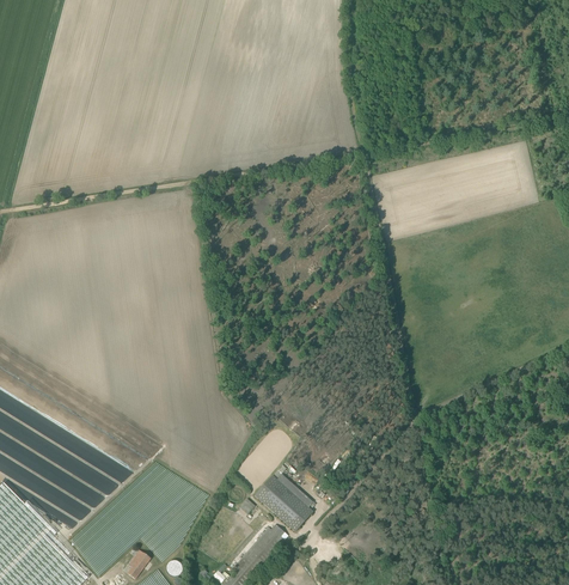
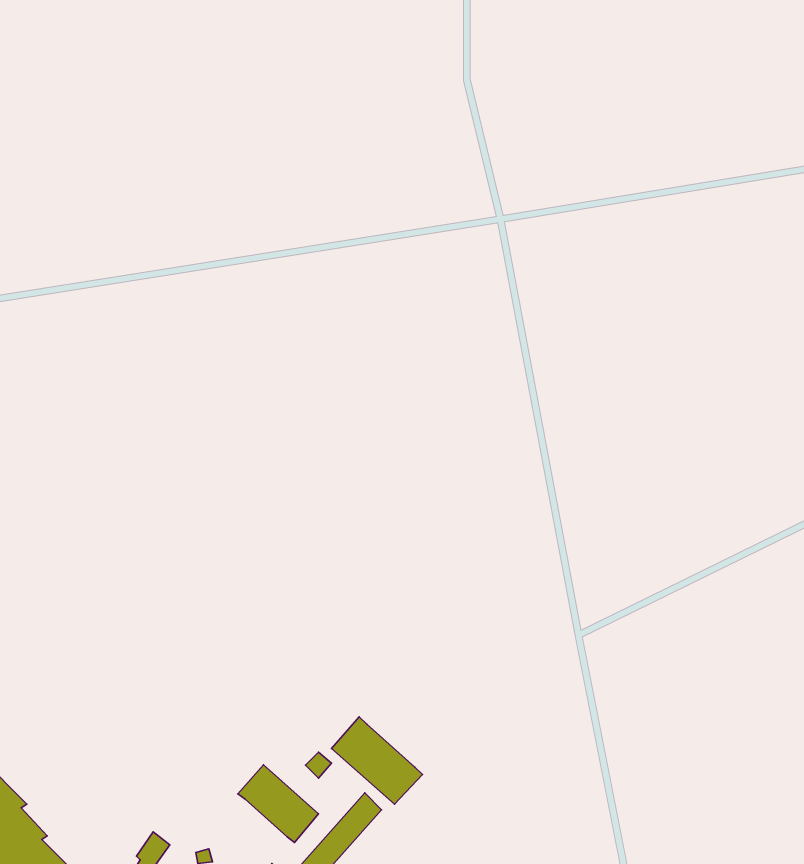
building: none -> [238,765,319,842]

